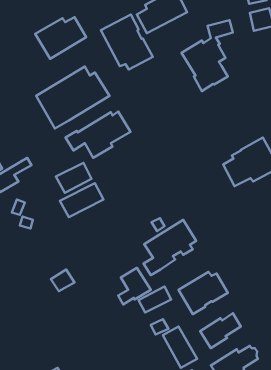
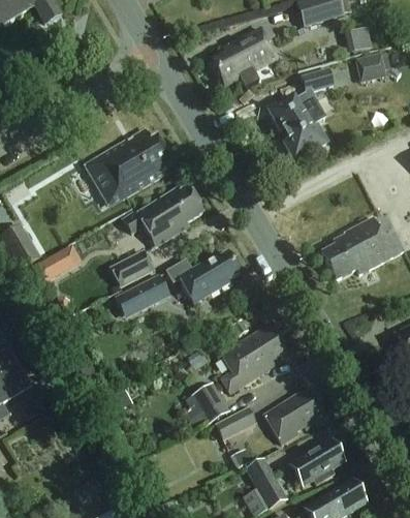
building: [101,15,153,69] -> none
building: [35,17,86,59] -> none
building: none -> [166,252,242,303]

